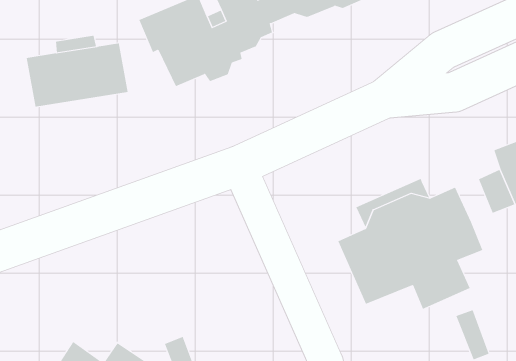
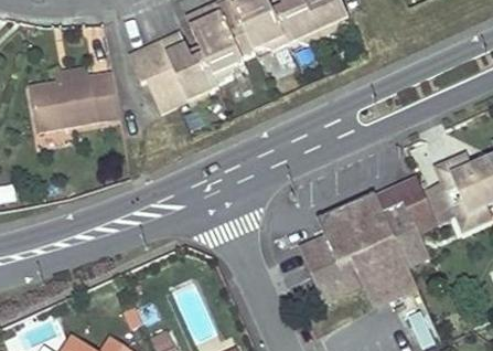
building: none -> [375,176,436,228]

